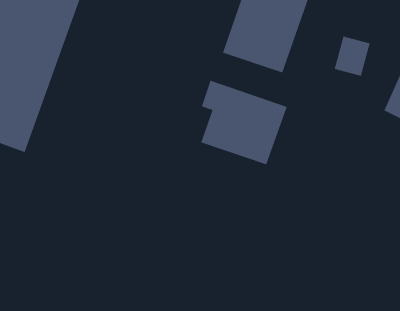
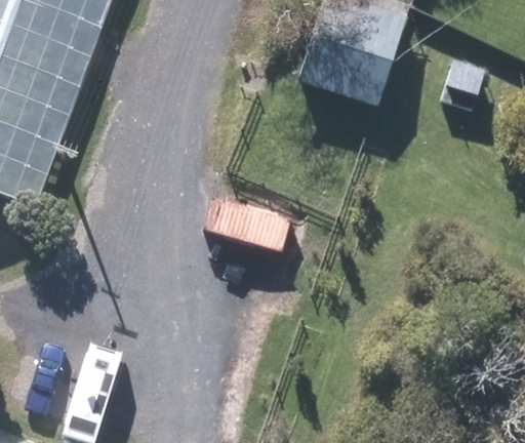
building: [200,80,287,165] -> none

